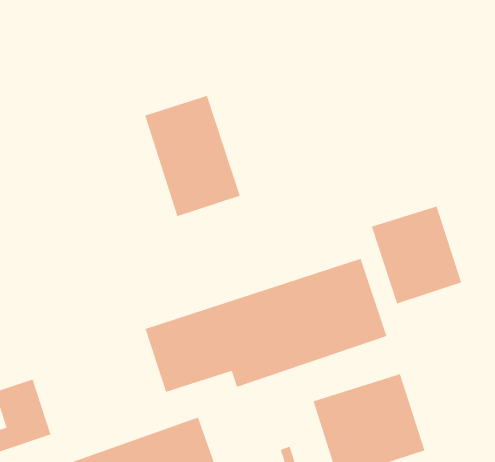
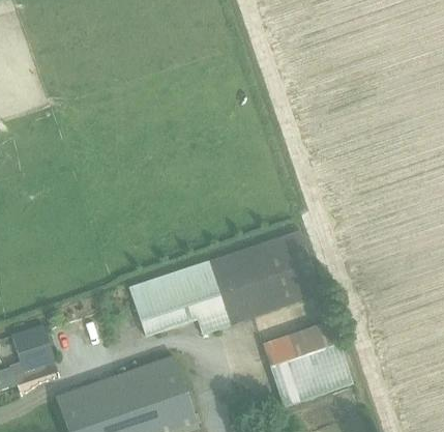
building: [144,95,241,217] -> none
building: [371,205,462,305] -> none

